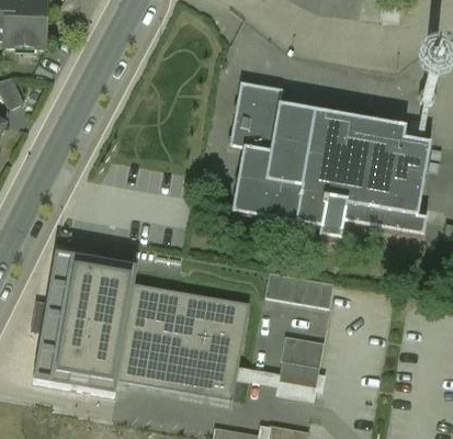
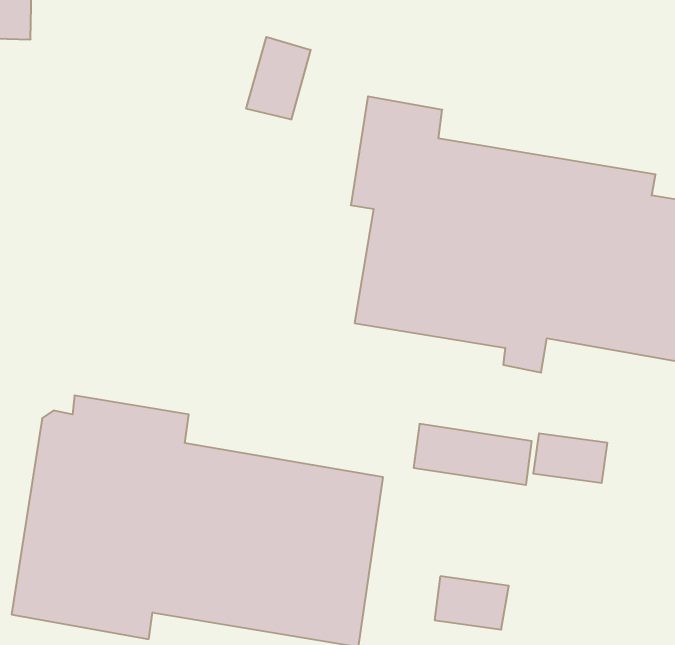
building: none -> [246,37,311,120]
building: [281,335,324,363] -> [533,433,607,483]

